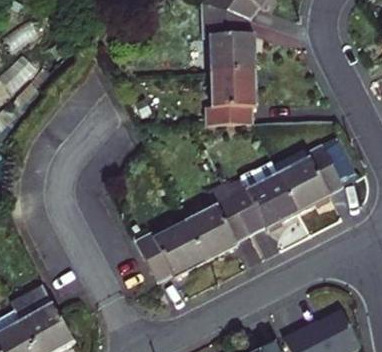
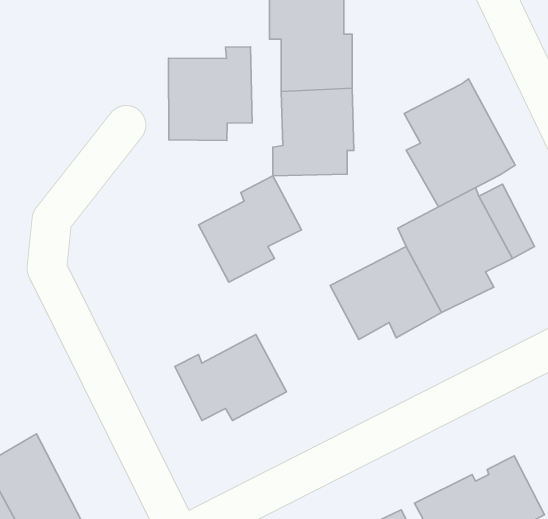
building: none -> [168,47,252,140]
building: none -> [404,79,515,207]
building: [190,200,251,263] -> [199,176,302,282]

